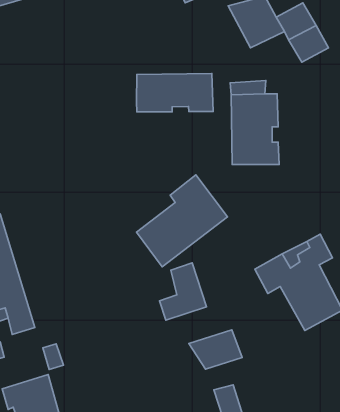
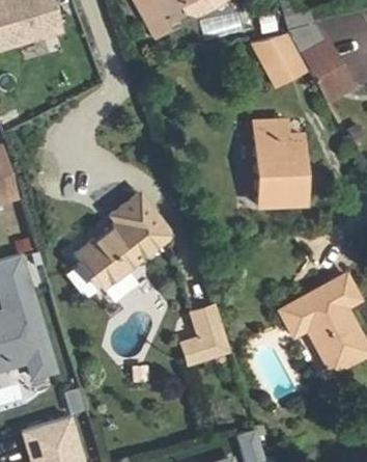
building: [137,73,213,112] -> none
building: [136,175,227,267] -> [77,194,169,288]
building: [189,330,242,369] -> none

